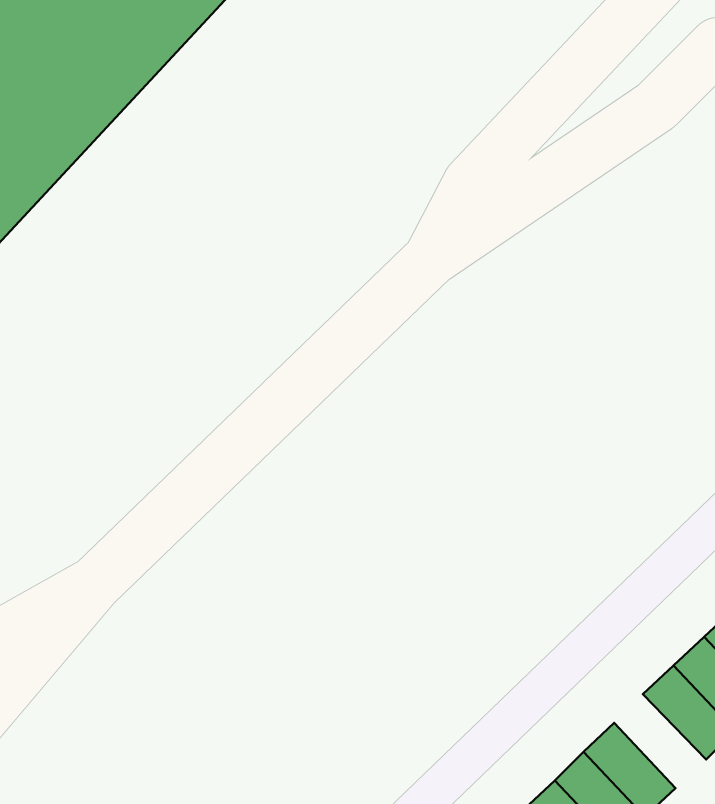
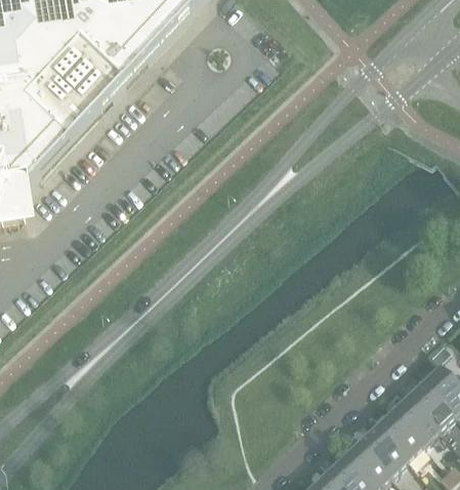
building: none -> [365,420,414,471]

